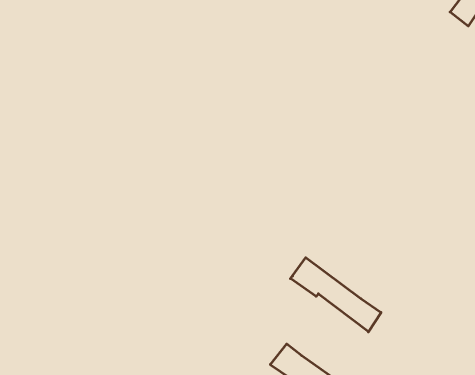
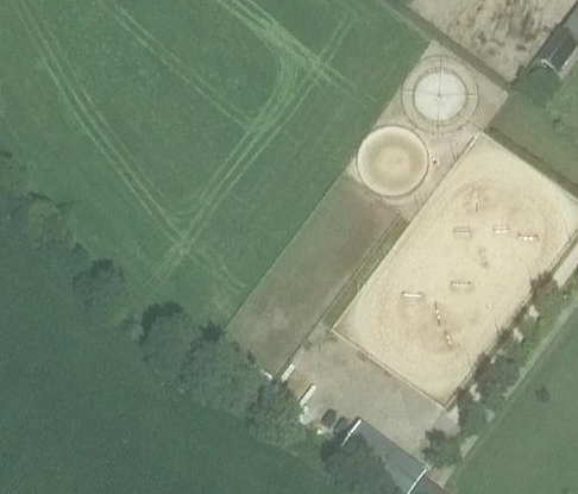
building: [290,258,381,332] -> none

